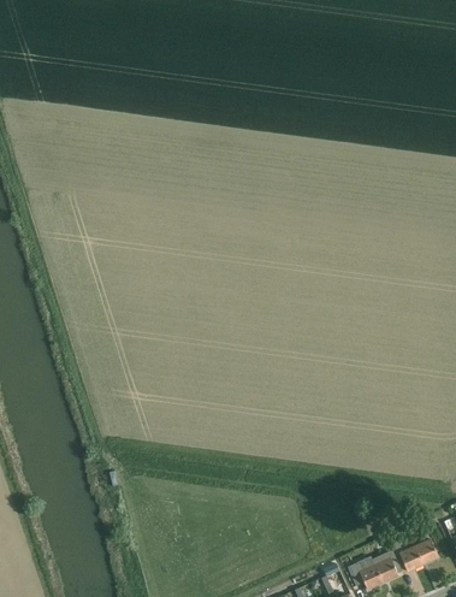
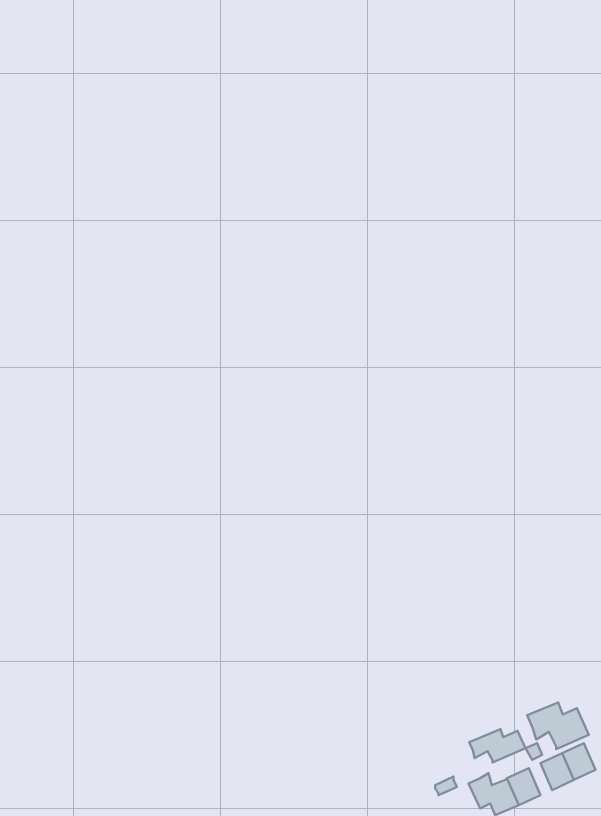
building: none -> [527,703,589,749]
building: none -> [469,729,525,763]

